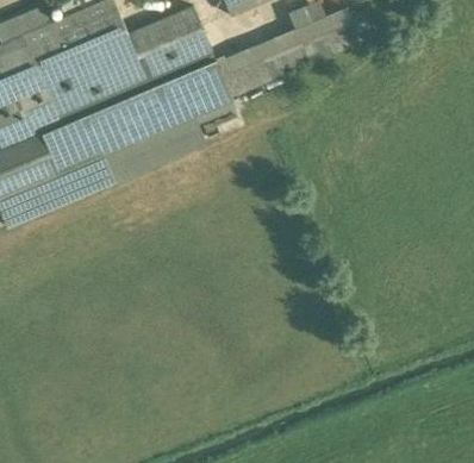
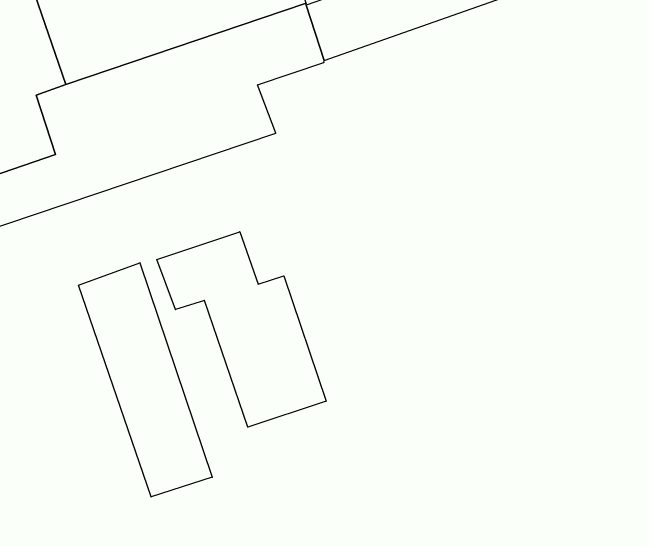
building: none -> [157,232,326,427]
building: none -> [79,263,212,497]

